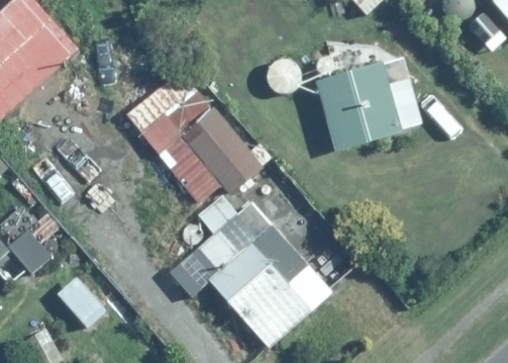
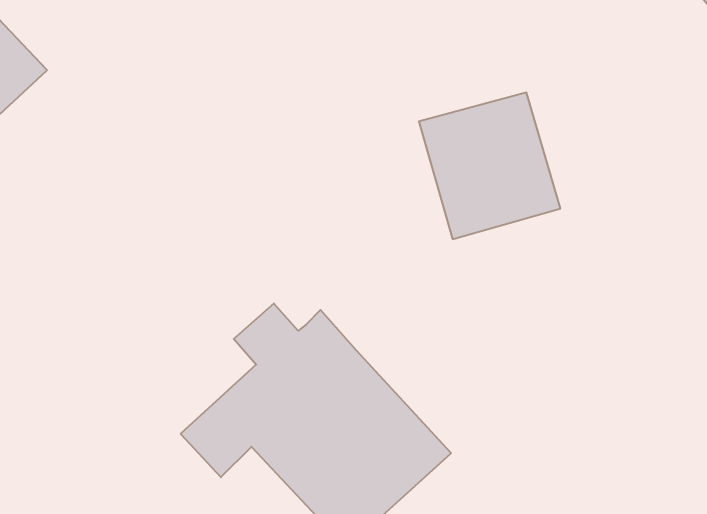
building: [125,80,264,201] -> none

